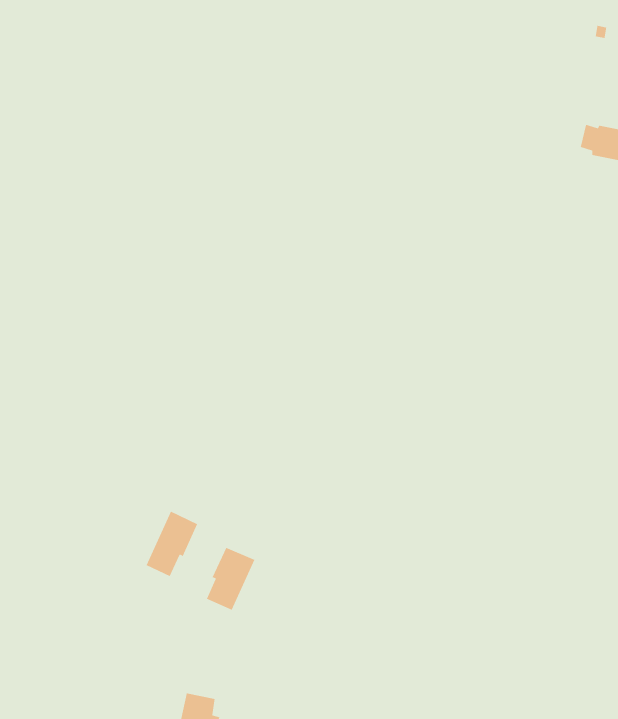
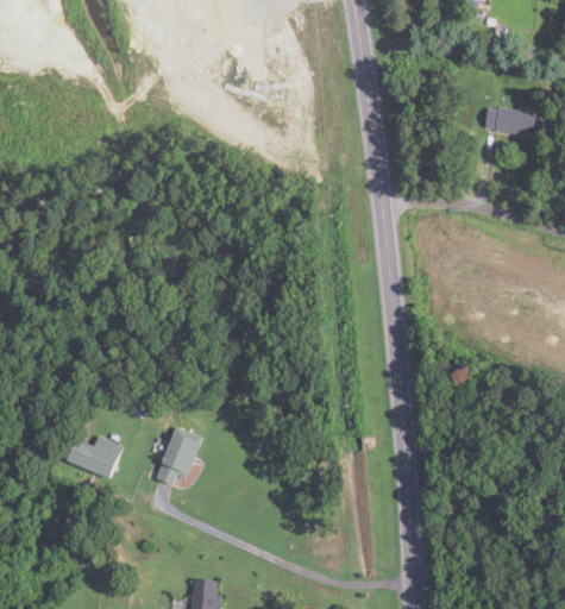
building: none -> [67,434,124,478]
building: [206,547,255,611] -> none

